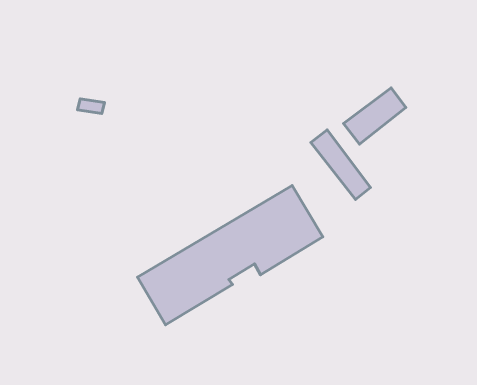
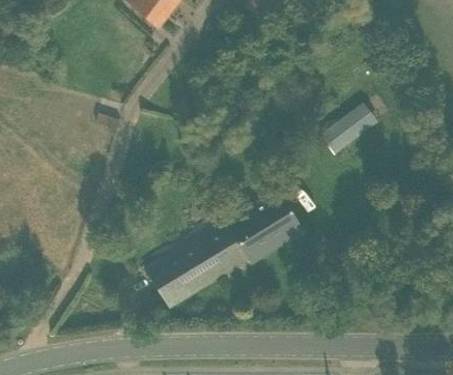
building: [311,130,370,200] -> none

